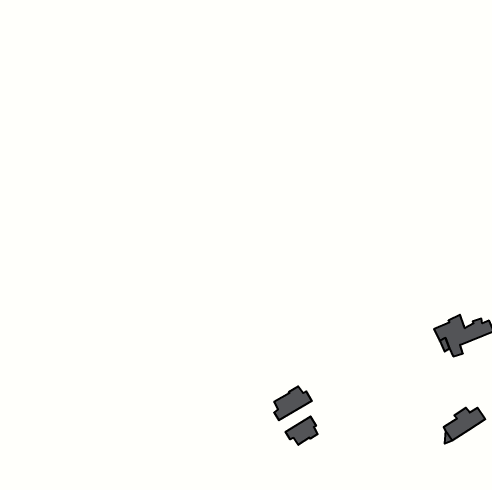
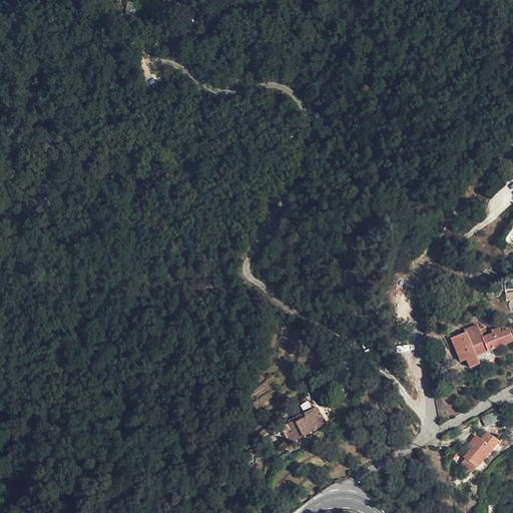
building: [286,416,318,445] -> none

